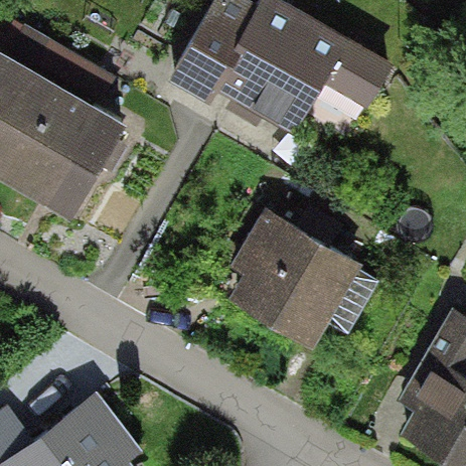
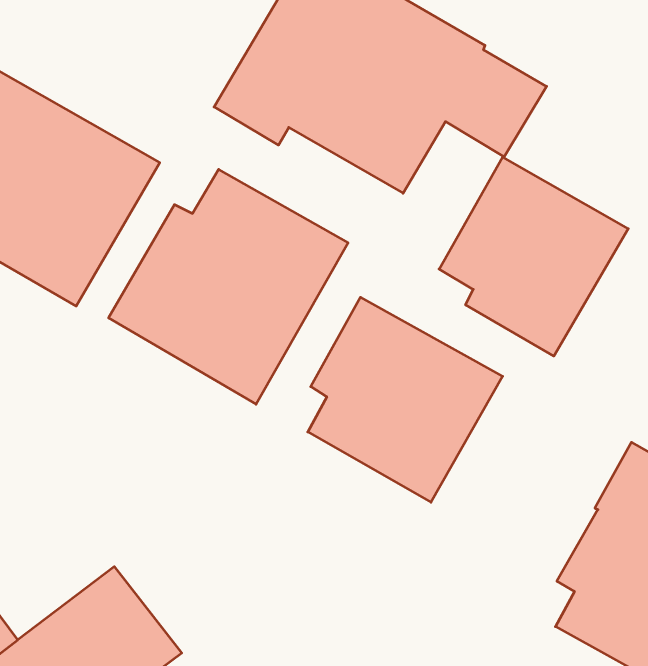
building: none -> [439,157,628,356]
building: none -> [109,169,348,404]

